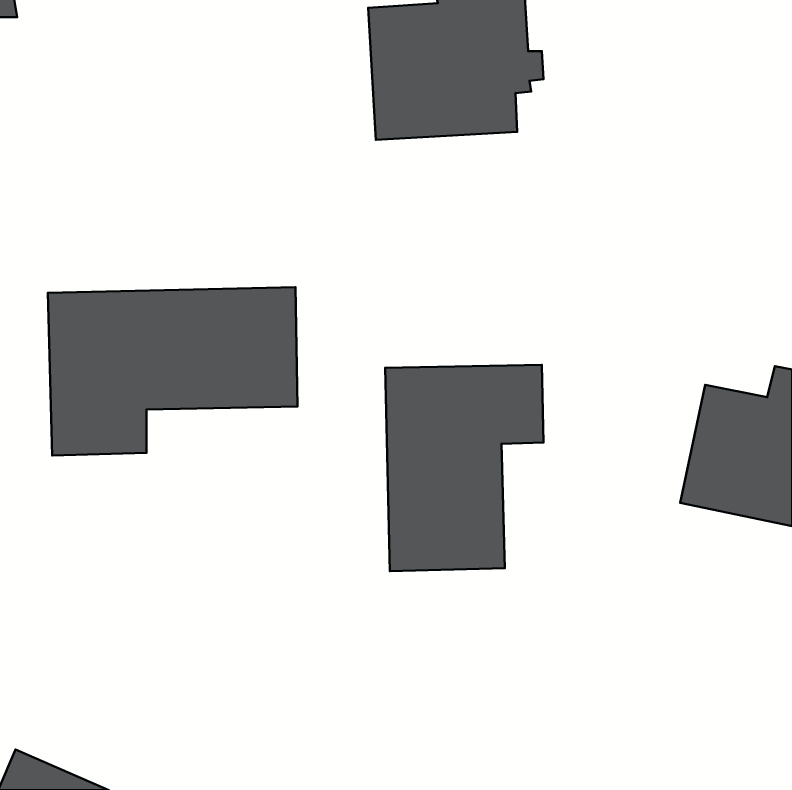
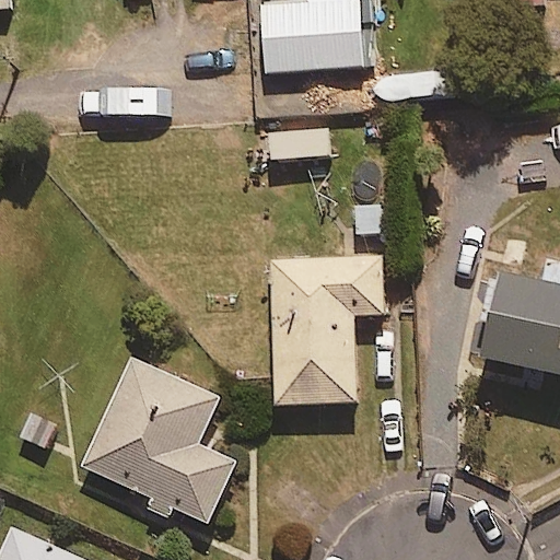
building: [48,287,298,455] -> none
building: none -> [84,358,234,522]

